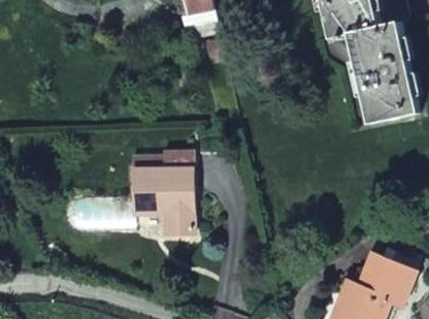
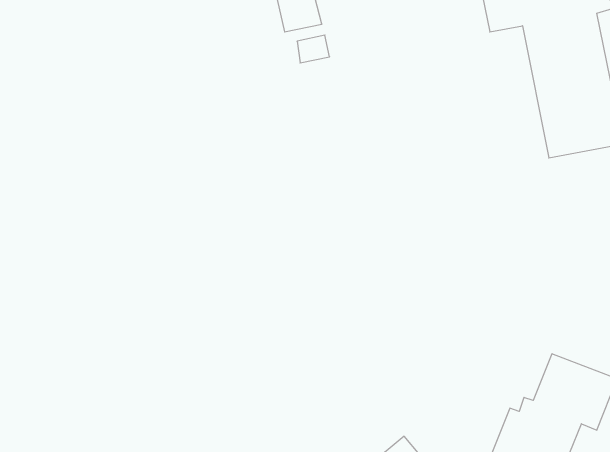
building: [135,165,194,229] -> none

